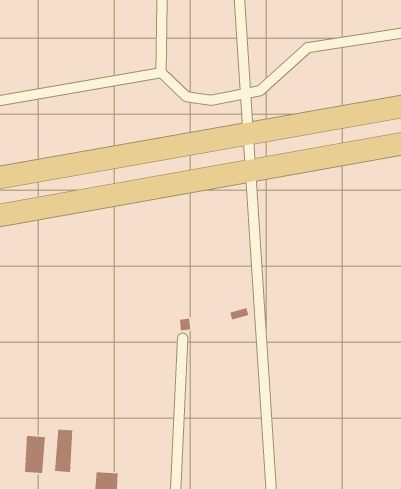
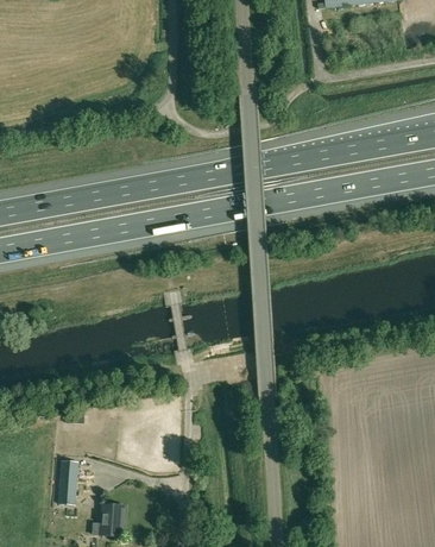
building: [24,435,46,474] -> none

